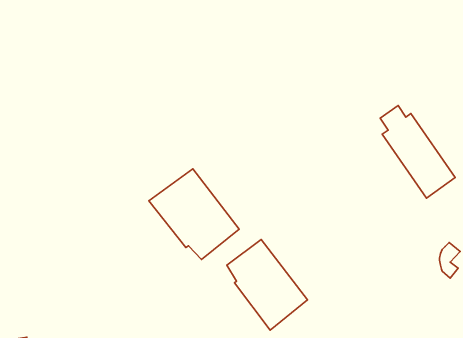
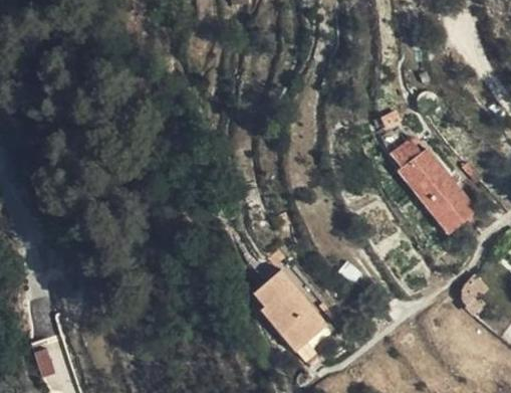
building: [149,169,239,259] -> none

